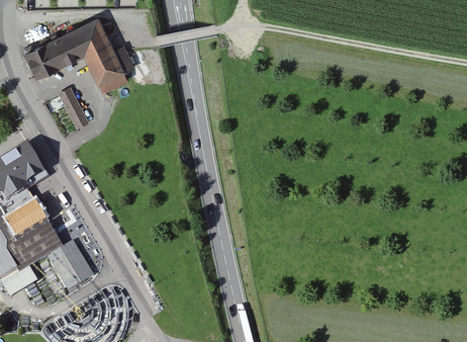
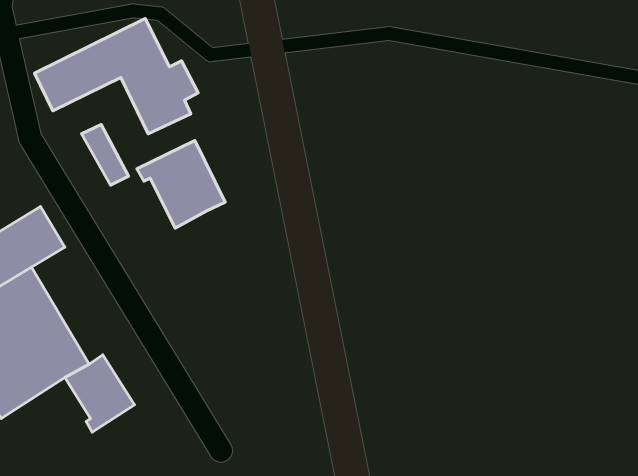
building: none -> [137,141,225,228]

